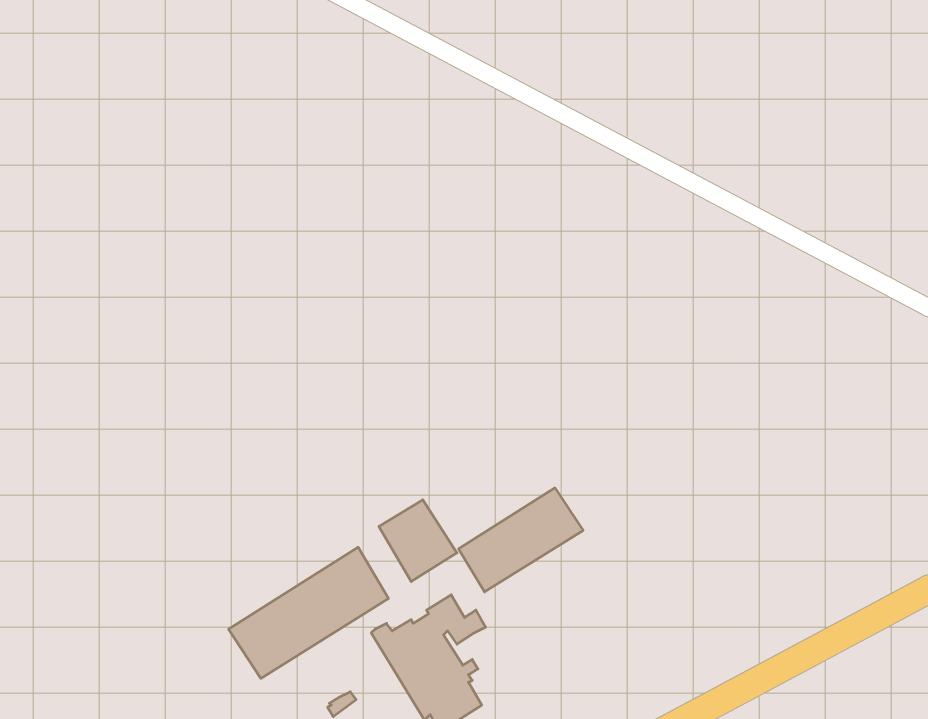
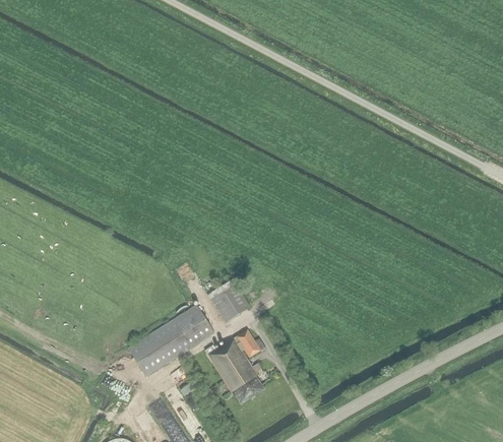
building: [459,488,583,592] -> none

